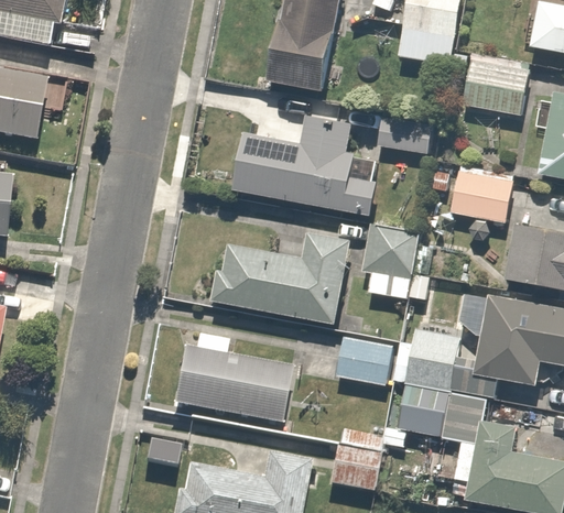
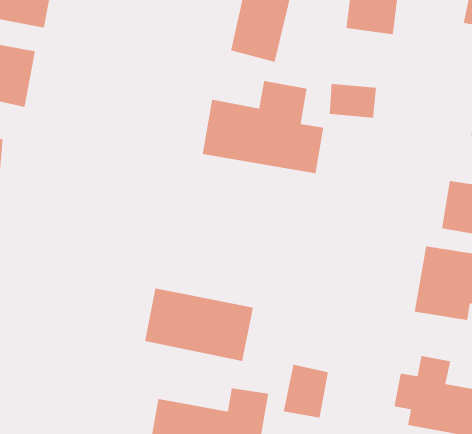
building: [464,57,529,111] -> none
building: [449,162,513,222] -> none
building: [361,223,421,298] -> none
building: [219,229,351,323] -> none
building: [398,326,480,436] -> none
building: [336,337,391,383] -> none

